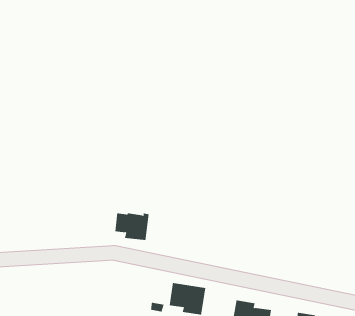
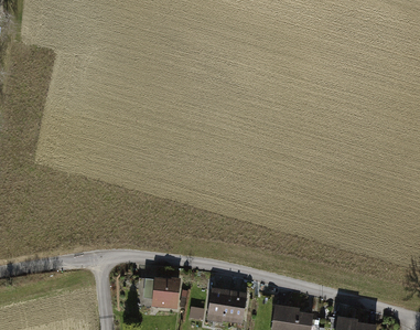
building: [114,213,150,240] -> [143,278,179,306]

